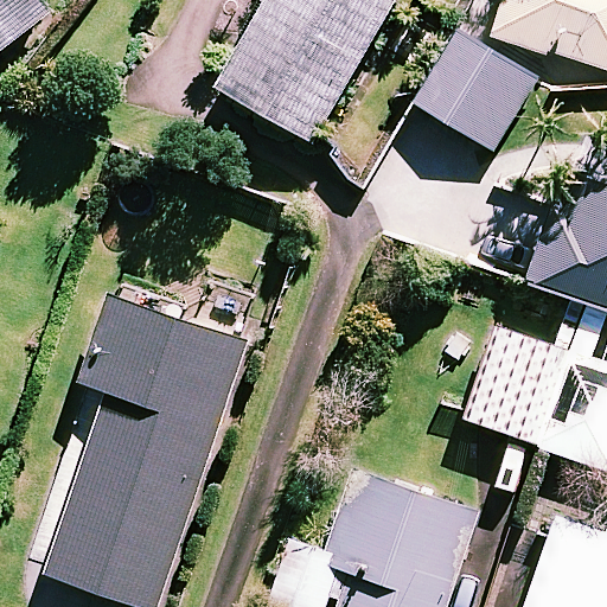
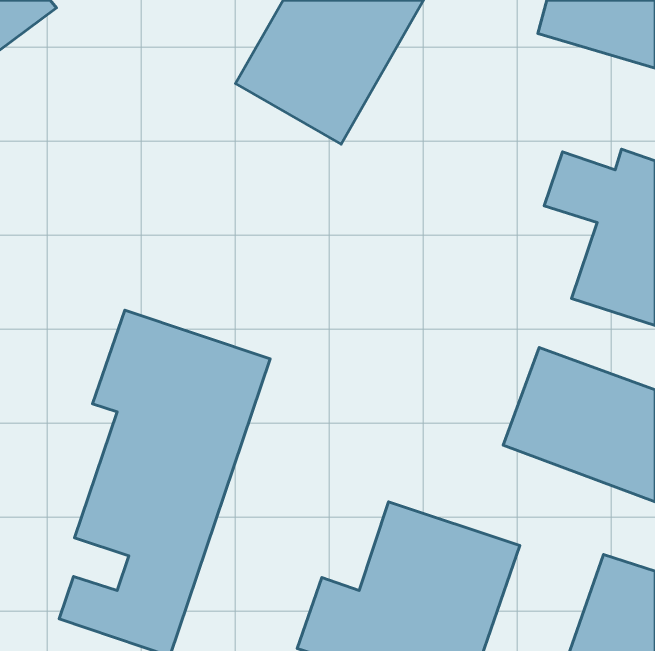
building: [414,28,538,151] -> none

